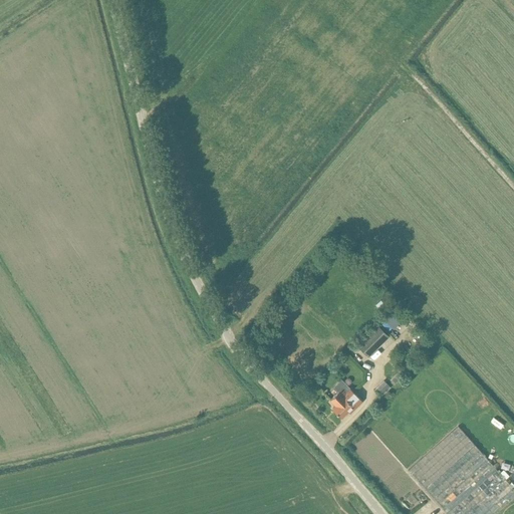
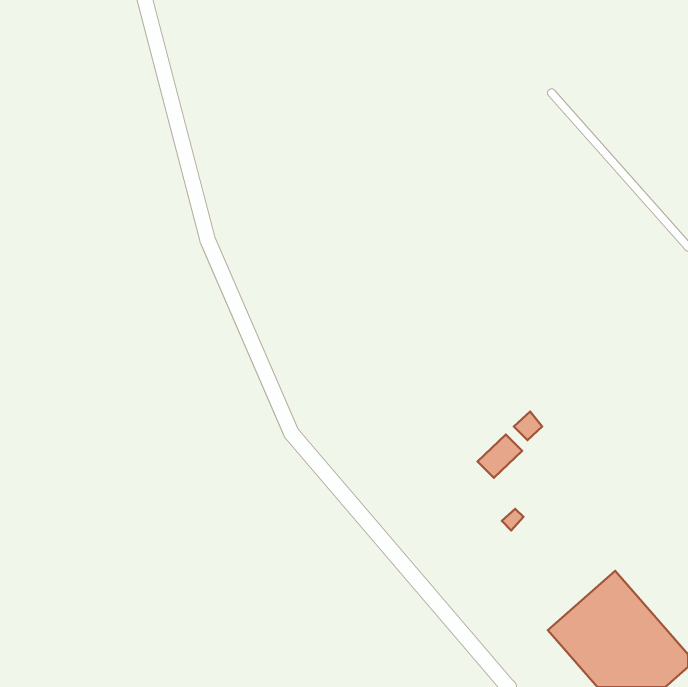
building: [329,386,361,417] -> none

